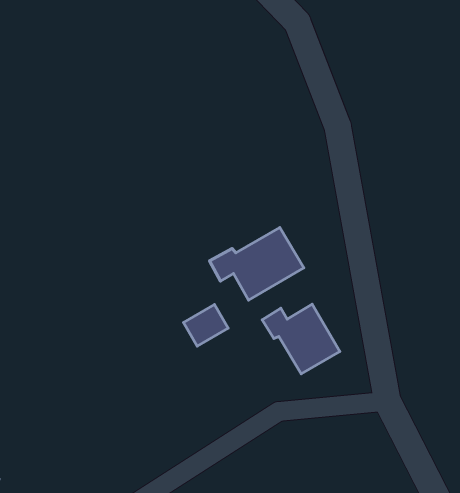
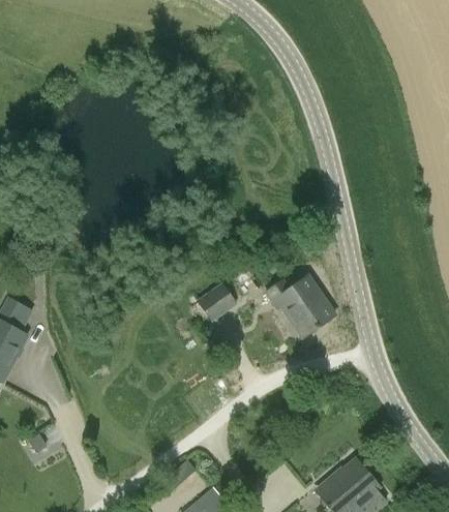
building: [210,228,304,300] -> none

